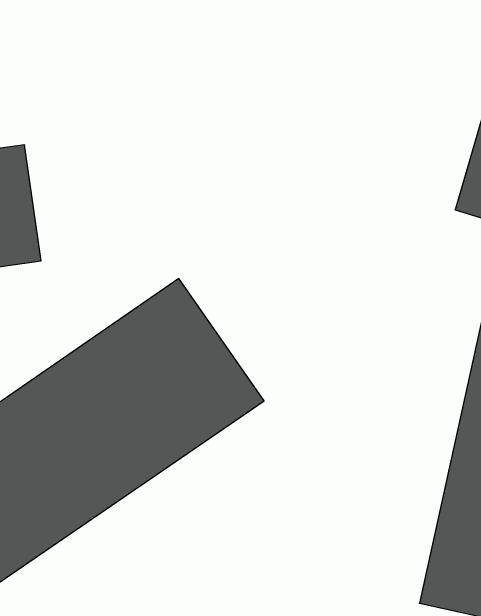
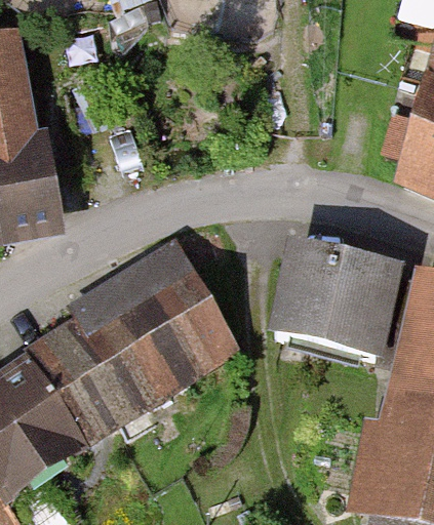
building: none -> [271,237,410,354]

